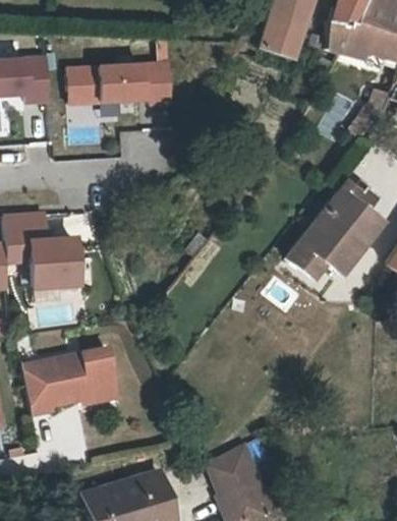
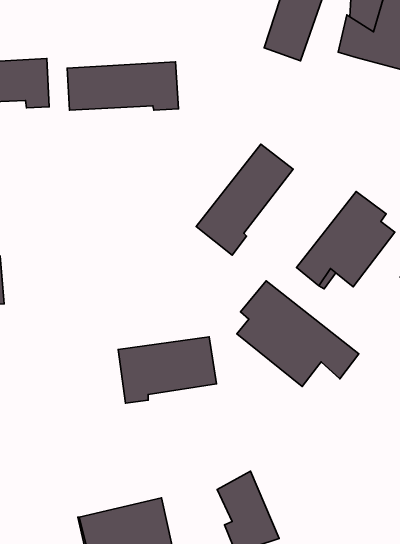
building: none -> [196,144,293,255]
building: [12,211,89,289] -> none
building: none -> [237,281,359,387]
building: [23,351,117,414] -> [118,337,217,403]

